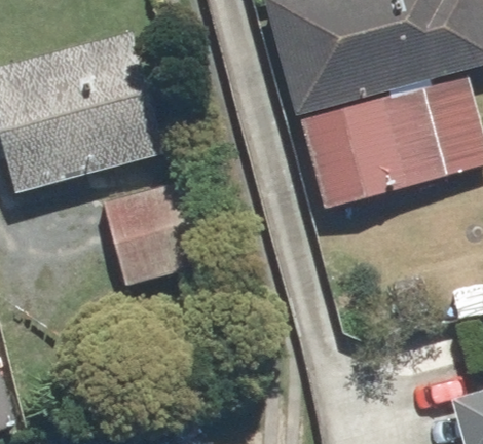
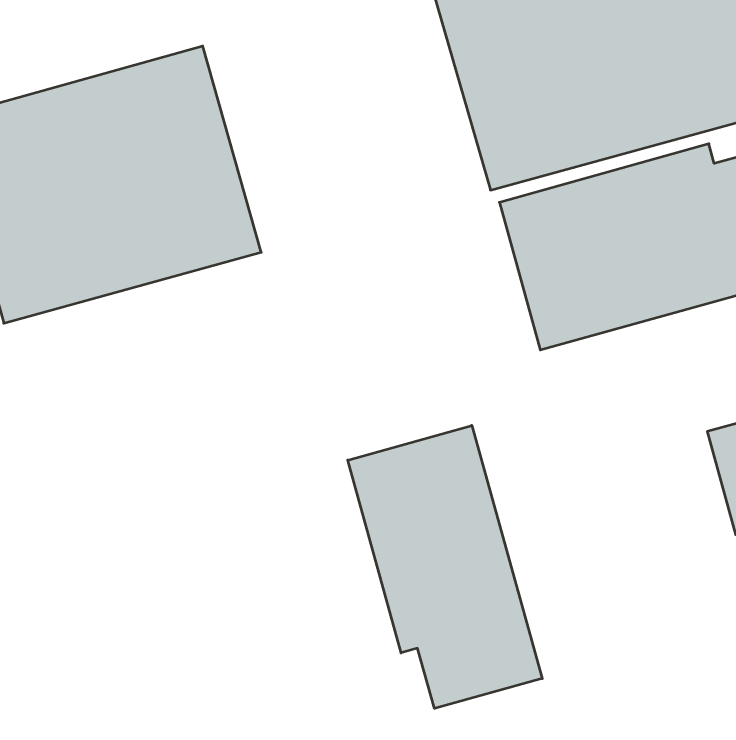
building: [105,181,206,284] -> none
building: none -> [348,425,542,708]

